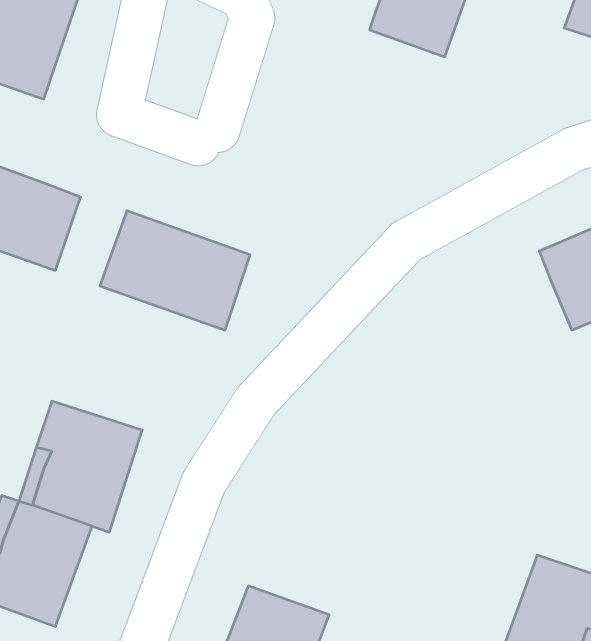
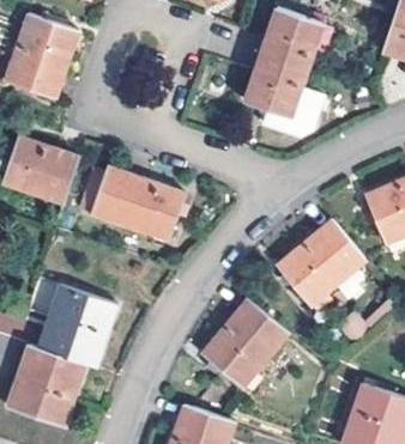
building: none -> [242,54,322,136]
building: none -> [278,217,365,303]
building: none -> [199,293,286,384]

